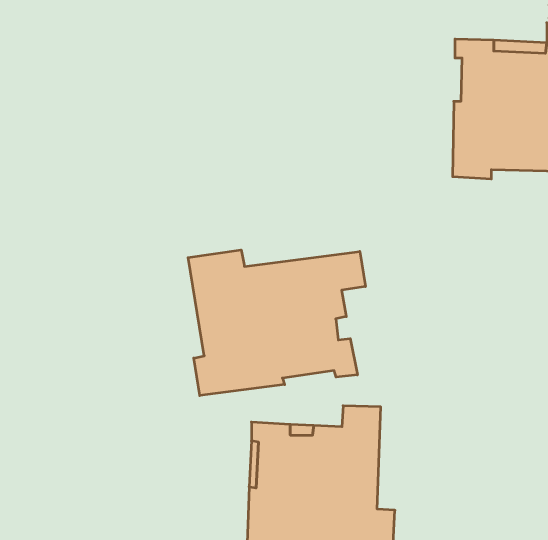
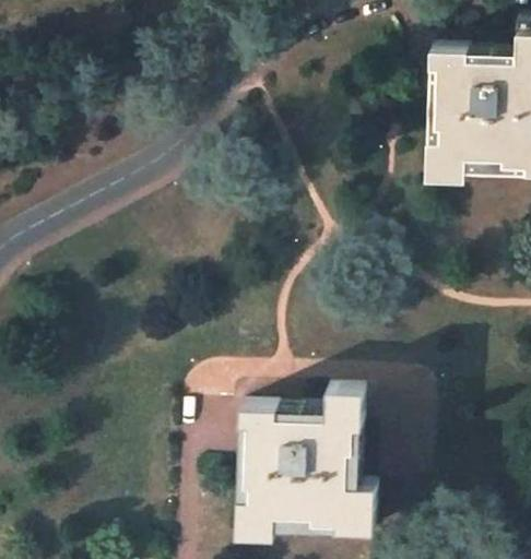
building: [188,250,365,396] -> none

